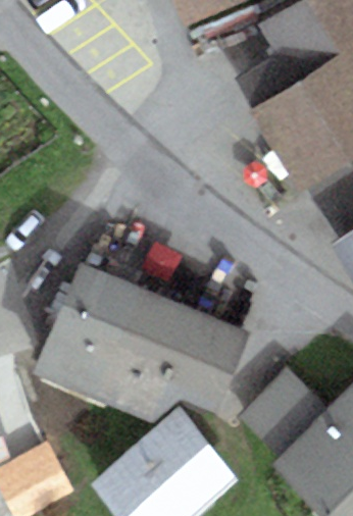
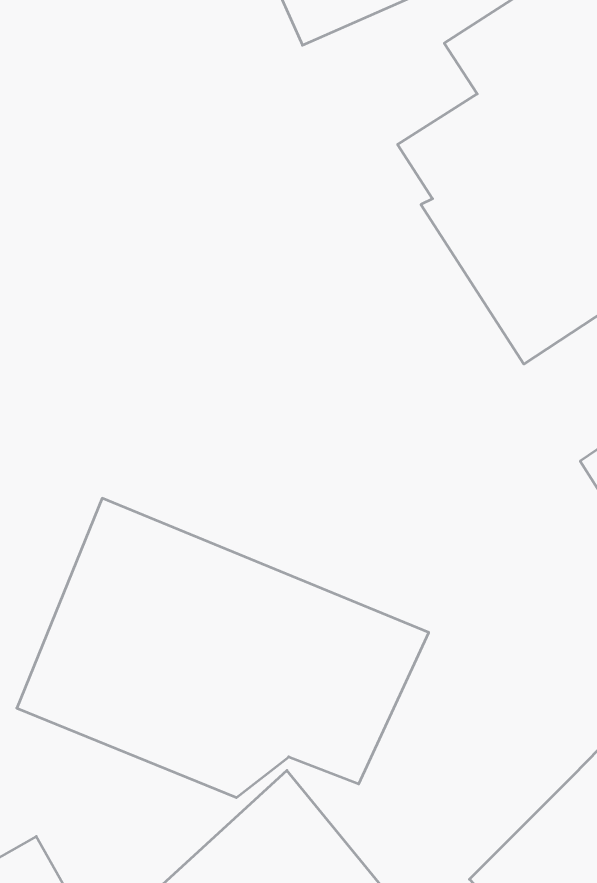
building: [237,367,326,459] -> none

